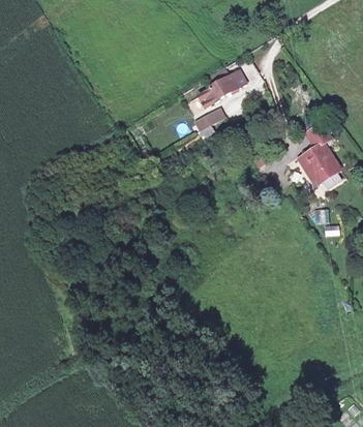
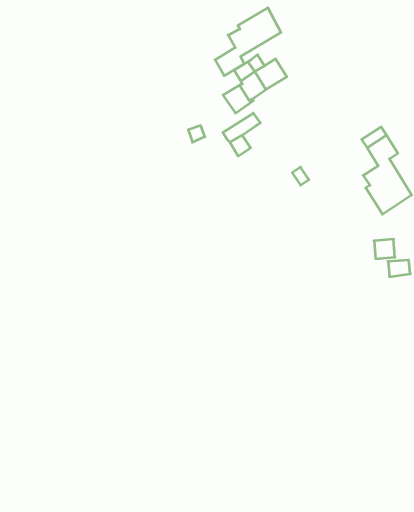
building: none -> [215,8,281,76]

